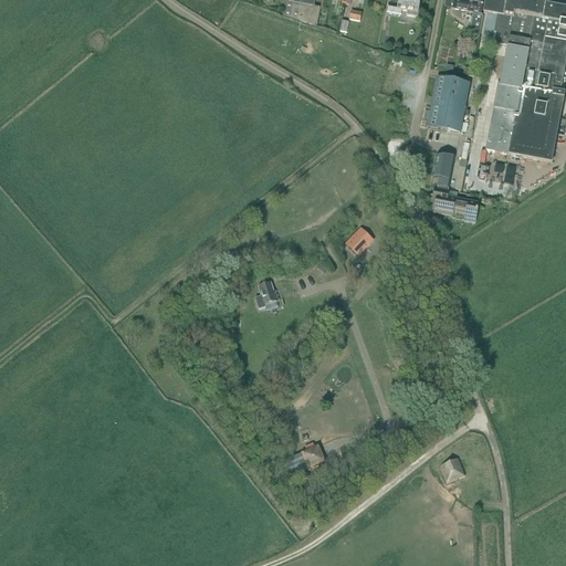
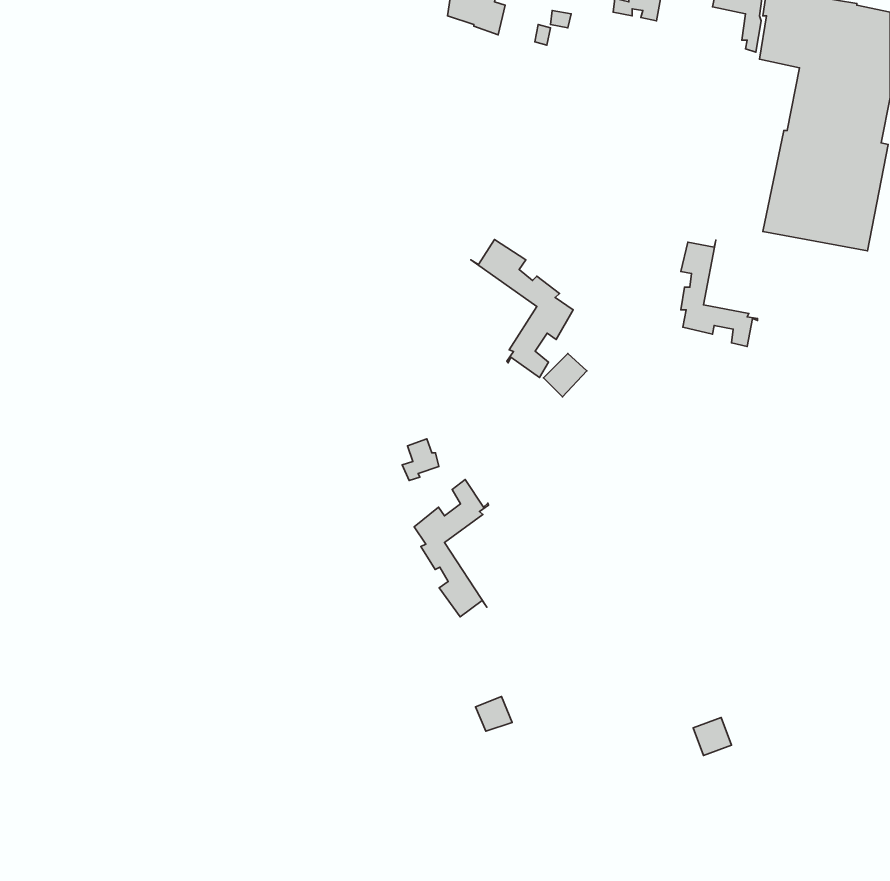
building: [428,73,470,129] -> none
building: none -> [471,239,573,377]
building: none -> [414,479,489,617]

